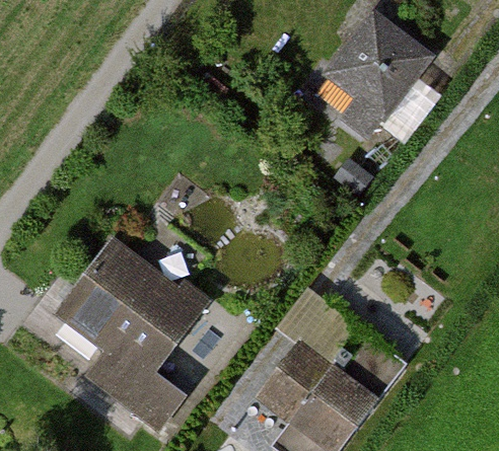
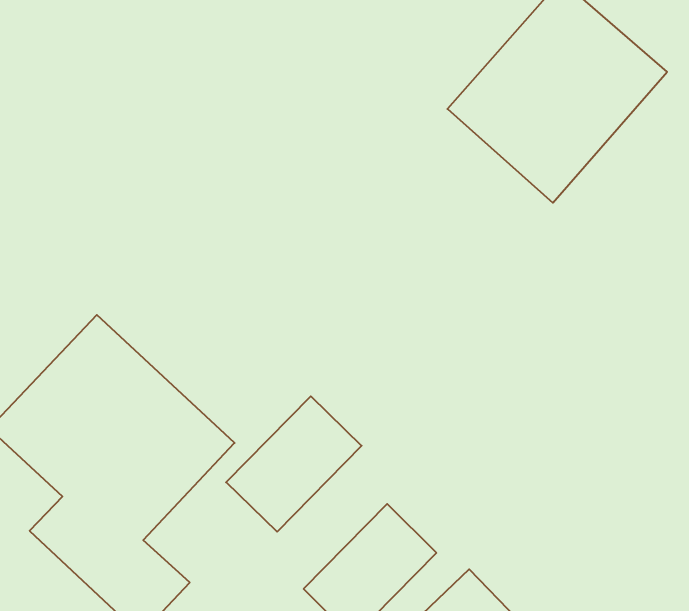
building: none -> [226,396,362,532]

